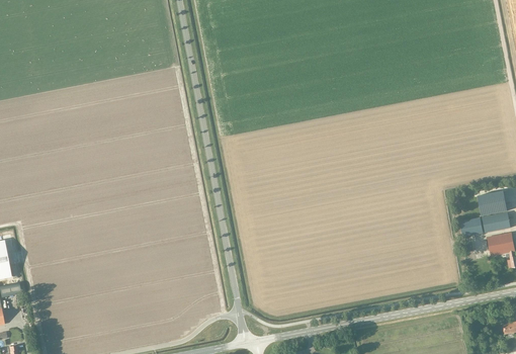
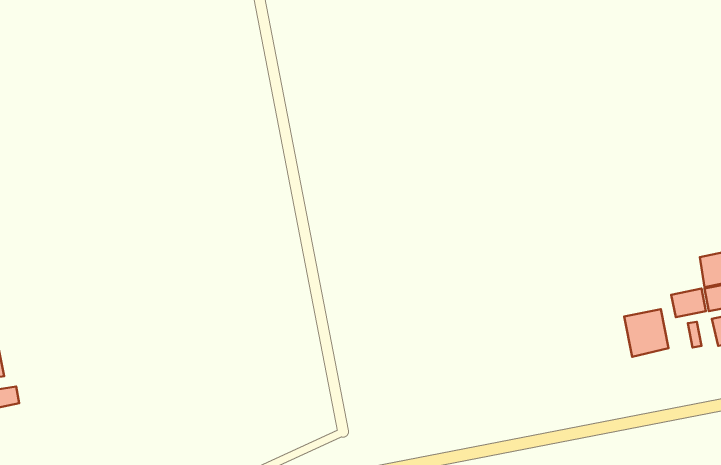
building: none -> [624,309,668,357]

